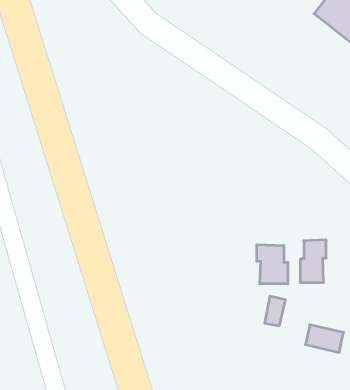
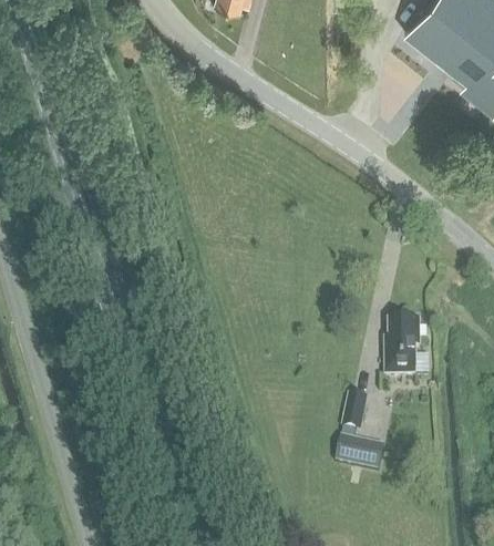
building: [257,245,288,284] -> none
building: [305,325,344,352] -> [335,437,383,473]

